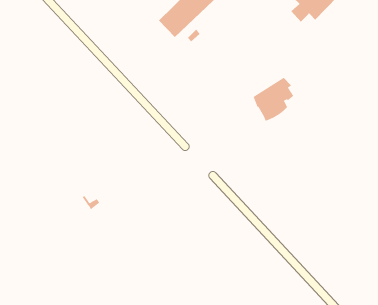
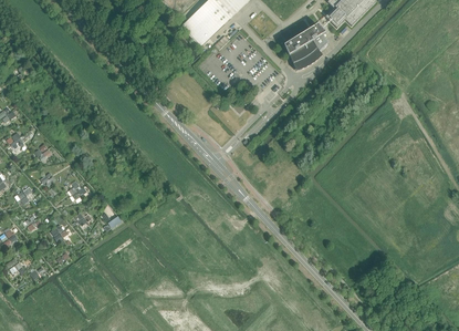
building: [253,77,294,122] -> [284,22,328,70]

